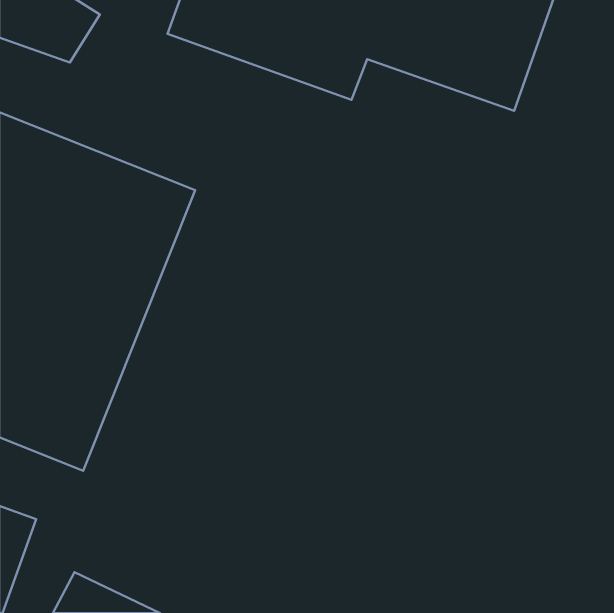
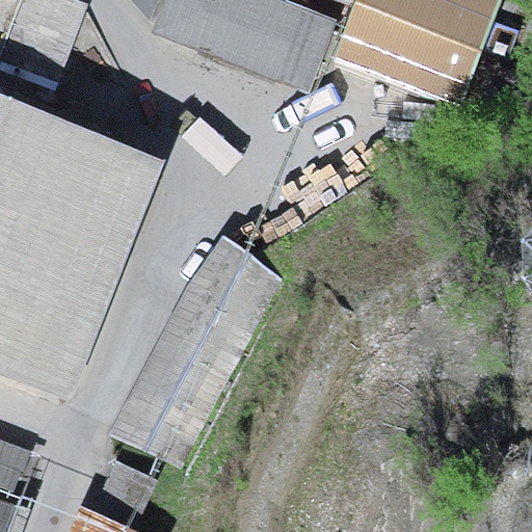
building: none -> [107,234,282,468]

